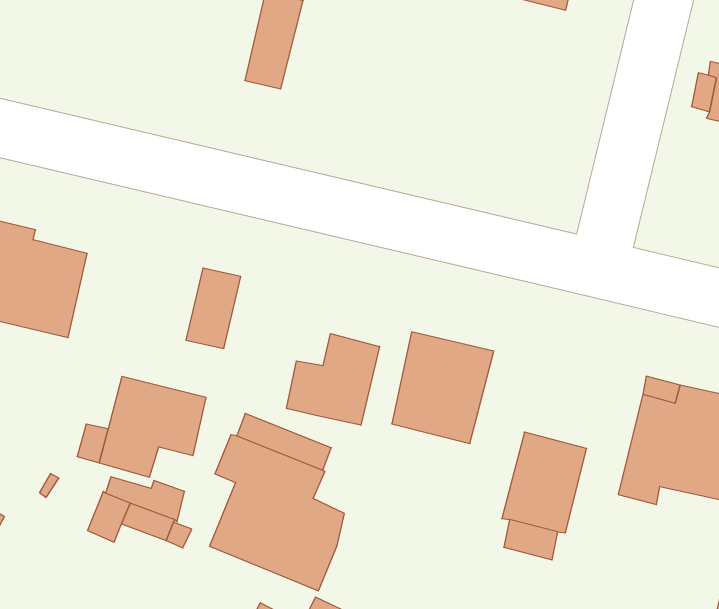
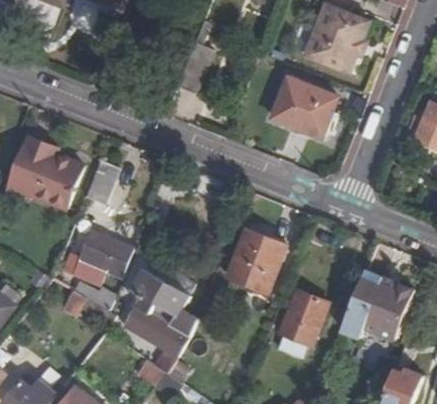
building: none -> [272,77,336,137]
building: [186,268,241,348] -> [85,160,118,204]
building: [287,334,380,425] -> none

